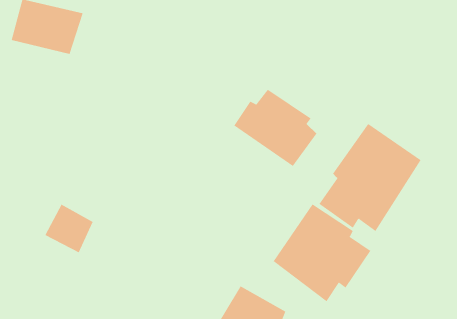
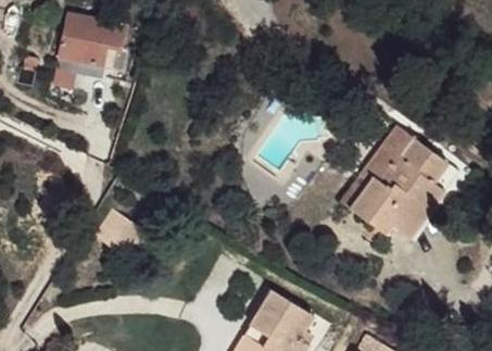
building: [233,89,317,167] -> none
building: [273,204,371,302] -> none

